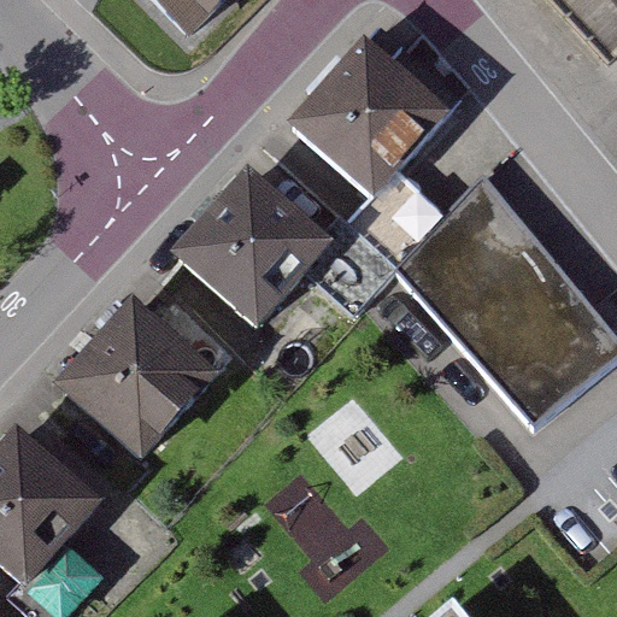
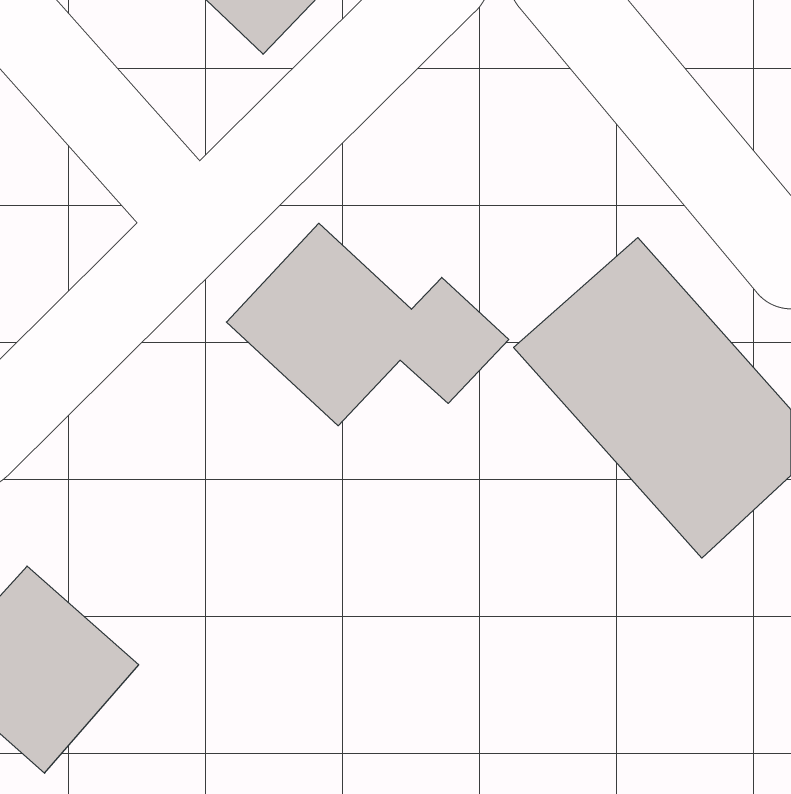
building: [293,39,456,201] -> none
building: [58,295,217,454] -> none

